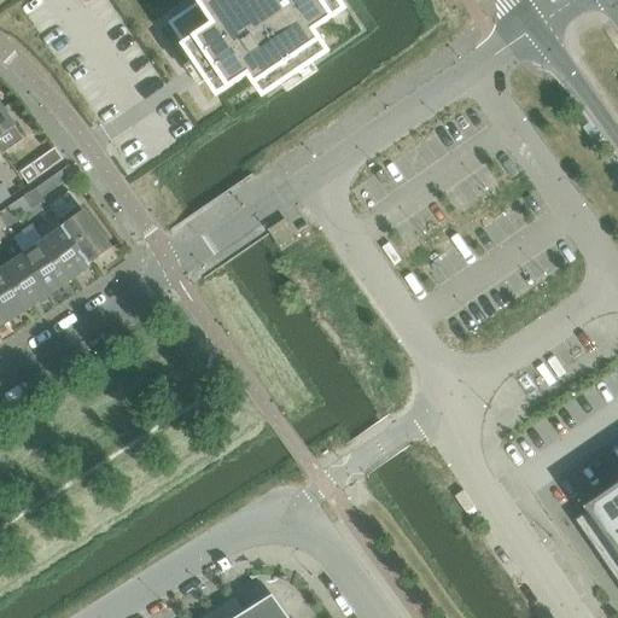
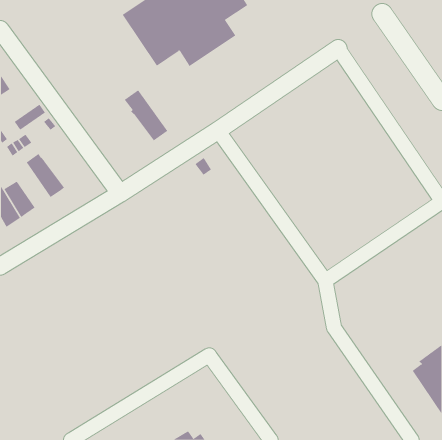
building: [49,190,111,262] -> [124,89,168,141]
building: [13,222,70,290] -> none

